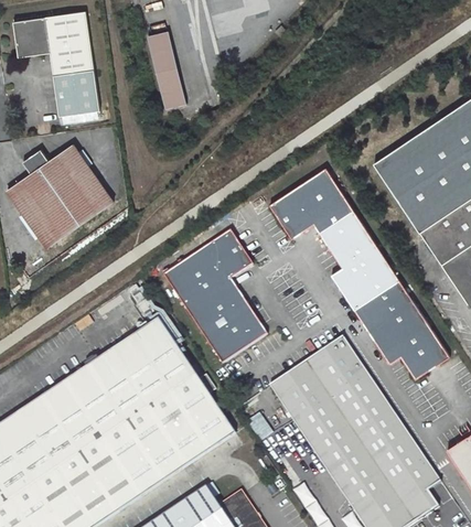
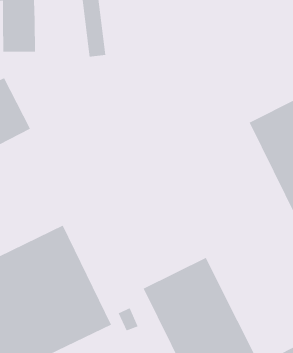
building: [267,164,448,374] -> none
building: [163,227,267,362] -> none

